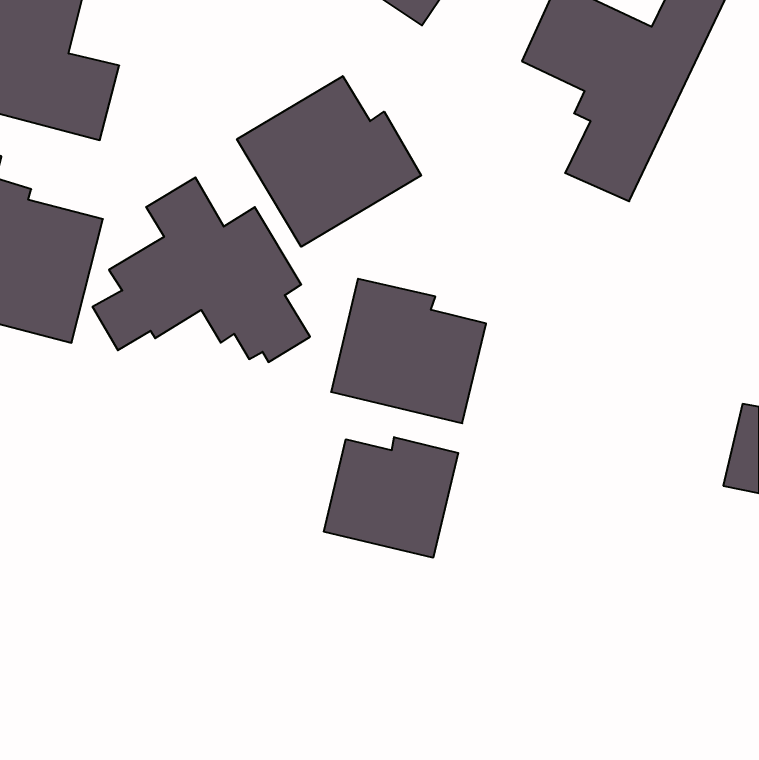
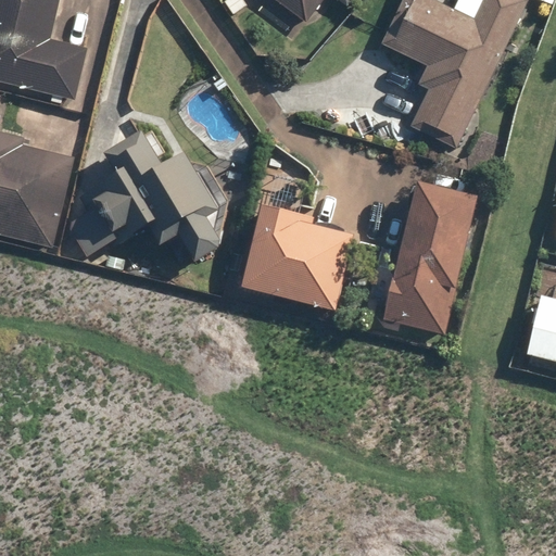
building: [237,76,421,247] -> none
building: none -> [383,181,478,336]
building: [324,437,458,558] -> none

